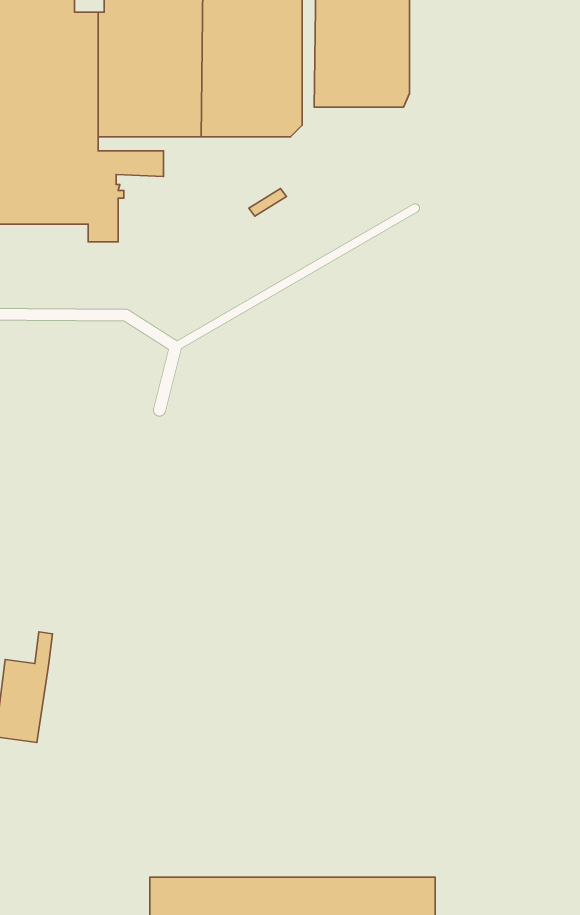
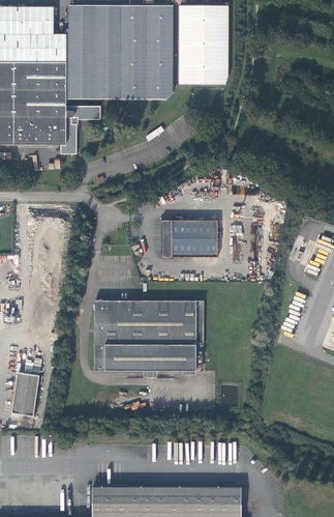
building: none -> [161,221,216,257]
building: none -> [93,300,203,371]

